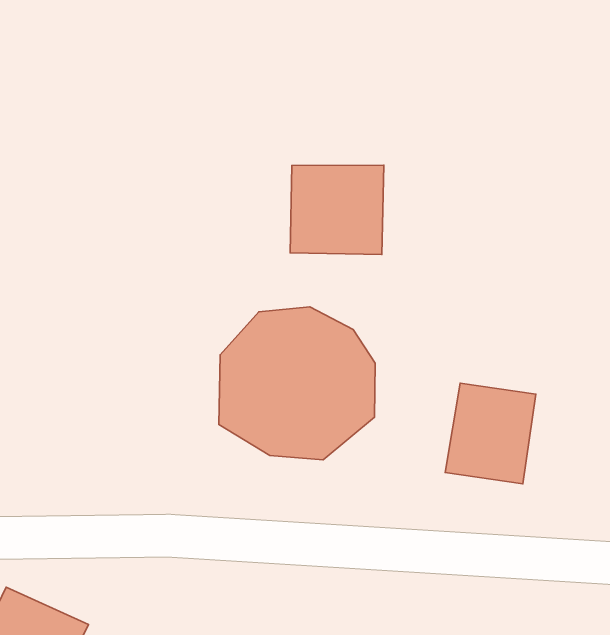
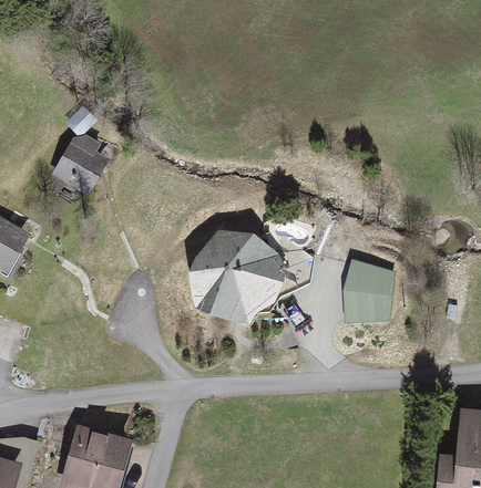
building: none -> [52,134,109,188]
building: [290,165,384,255] -> none

